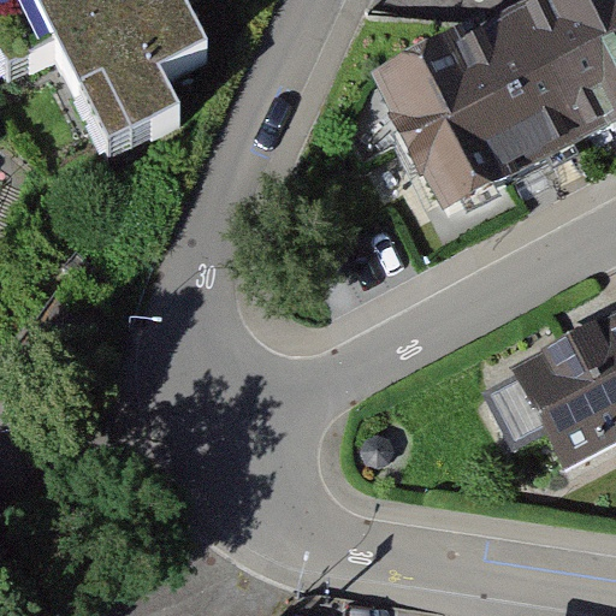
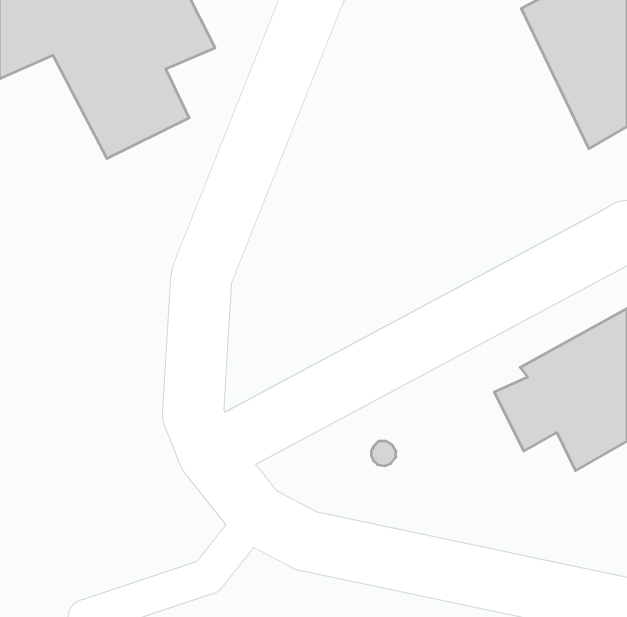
building: [380,8,576,213] -> none

